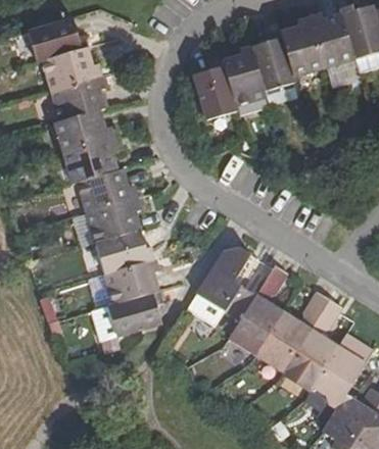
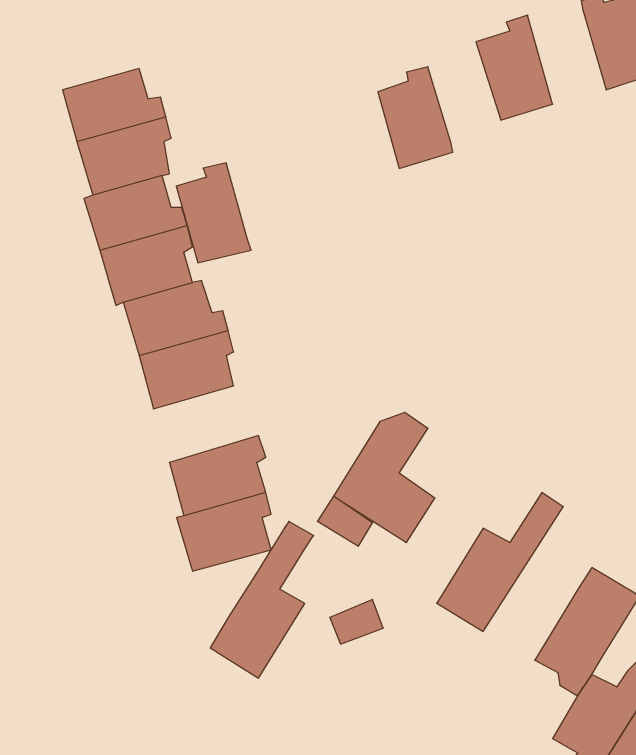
building: [309,13,353,68] -> none
building: [28,18,86,62] -> none
building: [251,33,294,91] -> none
building: [194,61,237,118] -> [176,163,251,263]
building: [94,230,154,273] -> none
building: [229,264,288,354] -> [210,521,314,678]
building: [281,299,342,391] -> none

